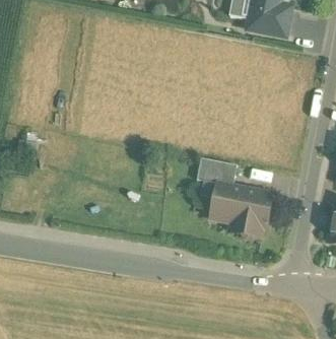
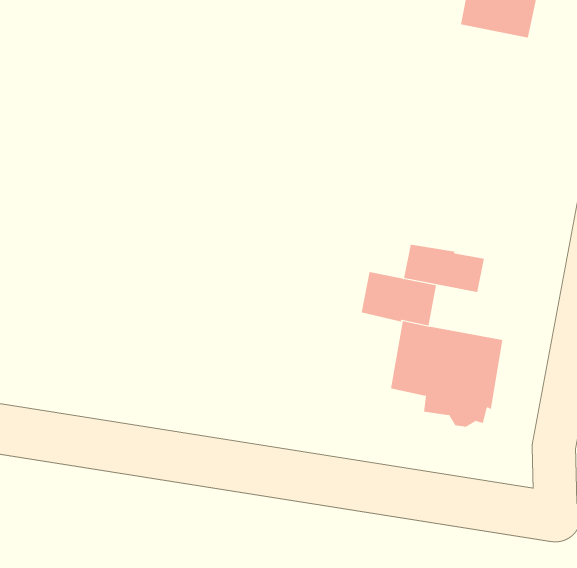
building: none -> [403,244,485,293]

